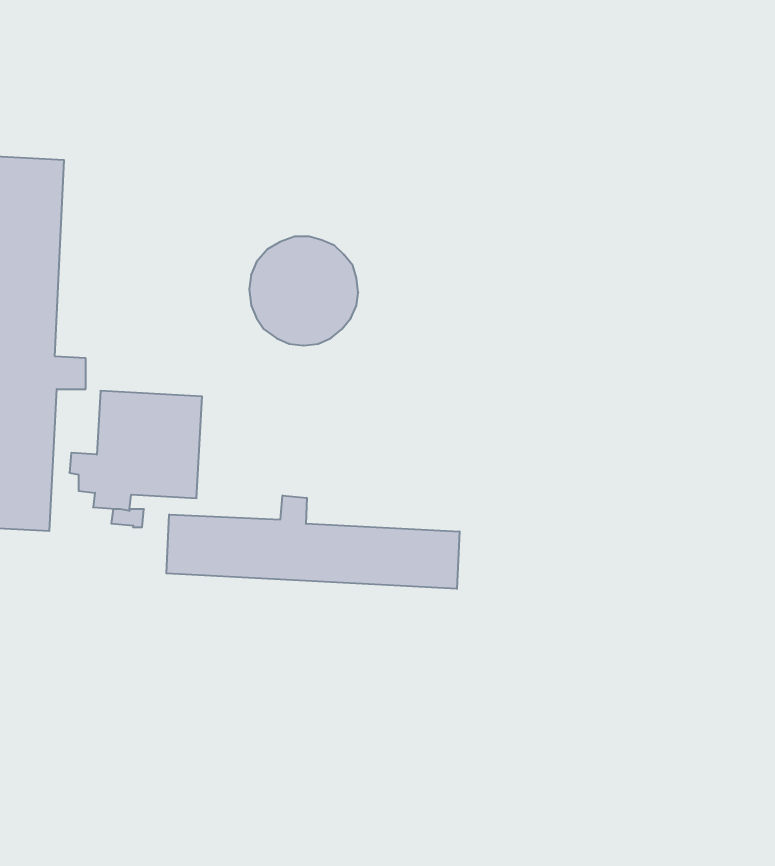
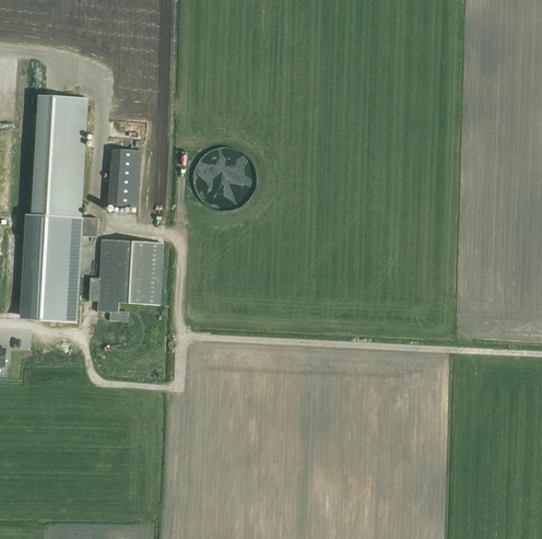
building: none -> [108,148,141,204]
building: [166,495,460,589] -> none

